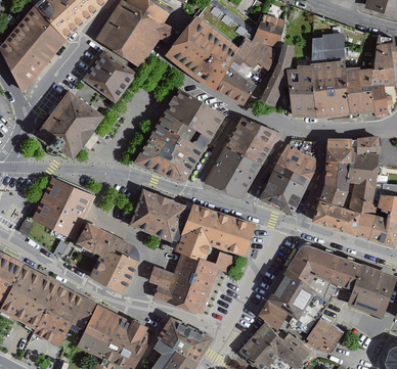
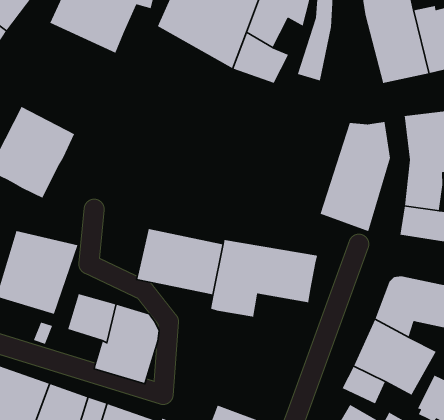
building: [84,52,134,101] -> none
building: [288,67,316,116] -> none
building: [134,89,224,179] -> none
building: [204,118,279,198] -> none
building: [147,251,232,312] -> none

